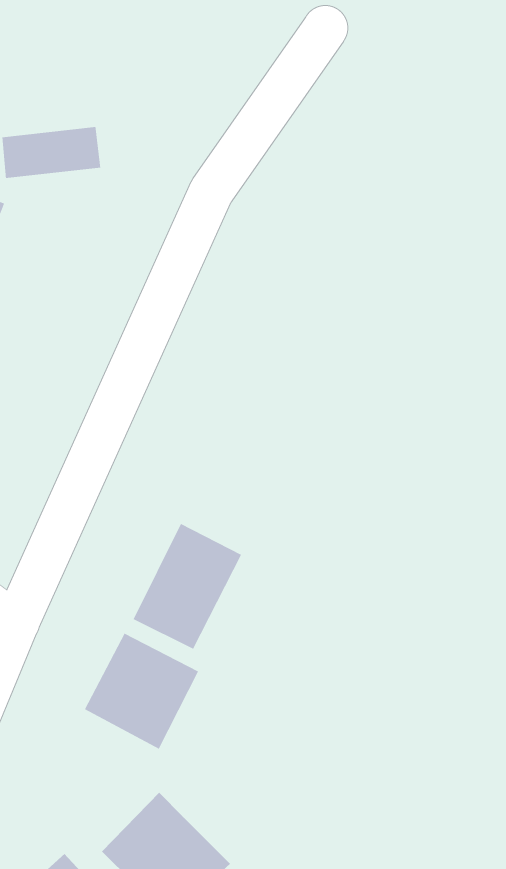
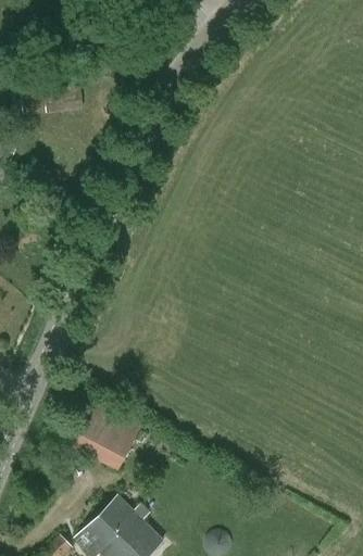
building: [132,523,242,650] -> none

